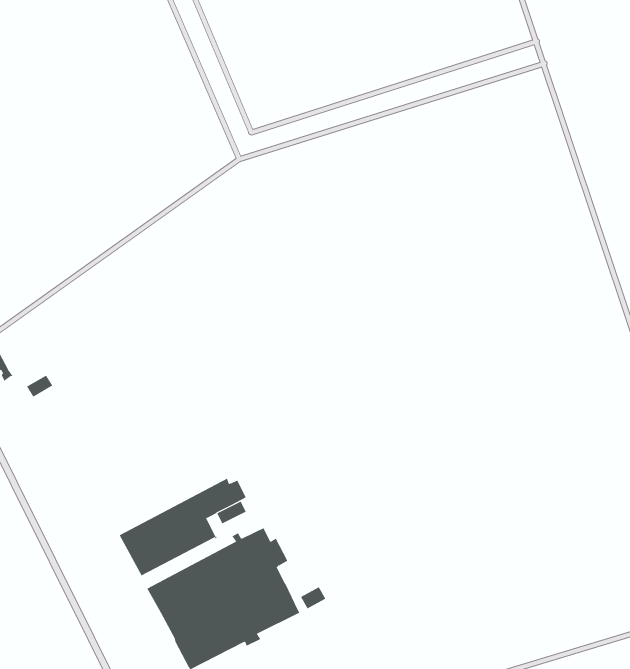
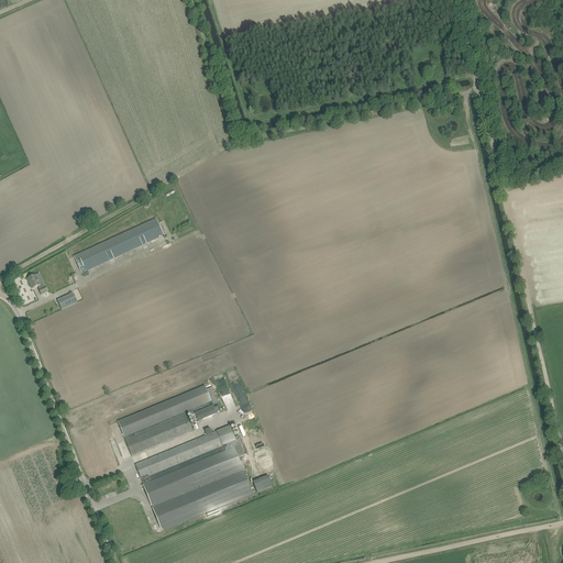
building: none -> [74,217,164,272]

